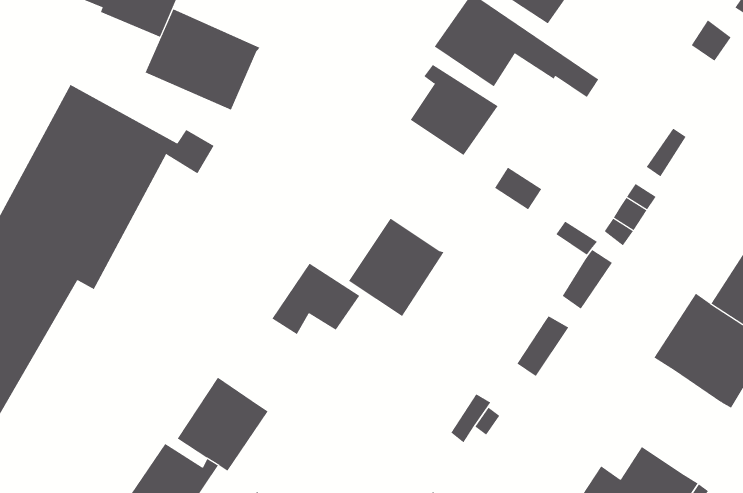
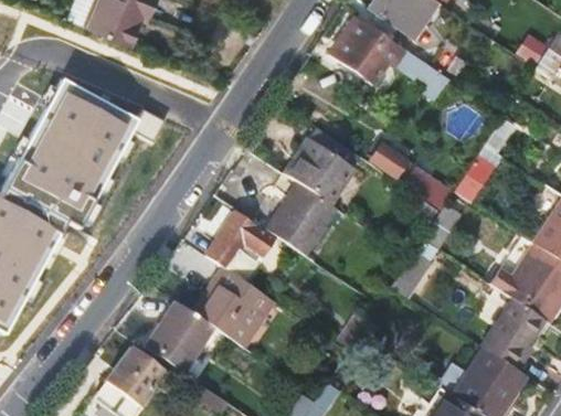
building: [145,8,260,110] -> none
building: [410,64,499,156] -> [294,138,359,205]
building: none -> [201,268,273,346]
building: none -> [474,294,540,369]

